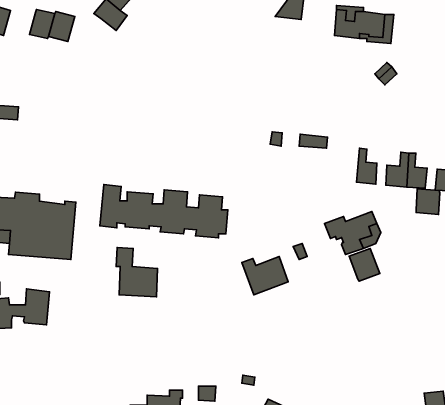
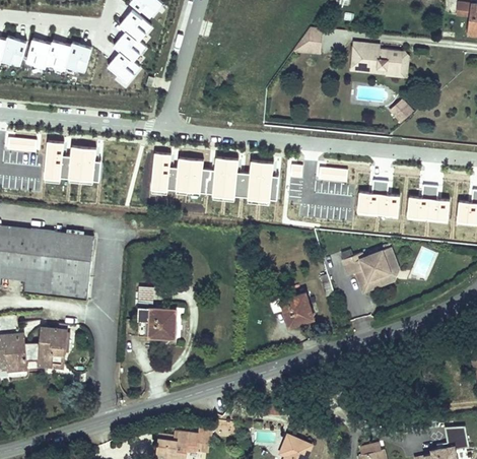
building: none -> [24,39,53,72]
building: none -> [107,51,140,83]
building: none -> [44,141,99,186]
building: none -> [355,182,380,216]
building: [100,185,228,238] -> [149,153,278,207]
building: [416,189,440,215] -> none
building: [349,249,380,281] -> none

